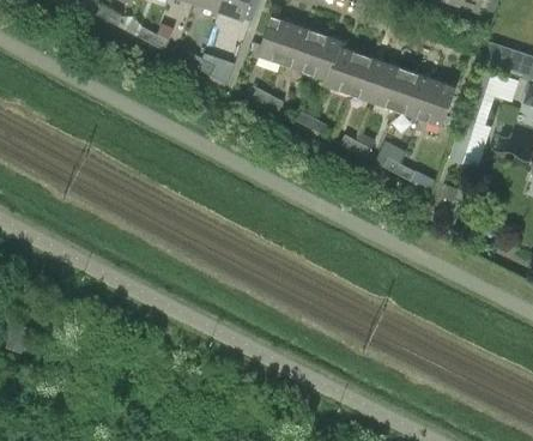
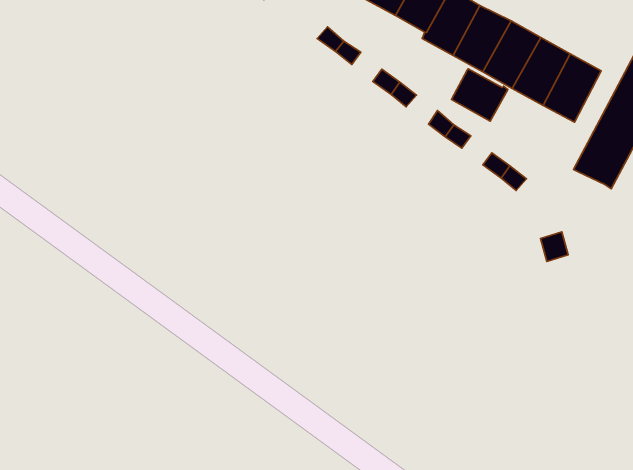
building: none -> [452,69,508,121]

